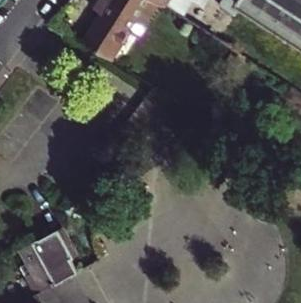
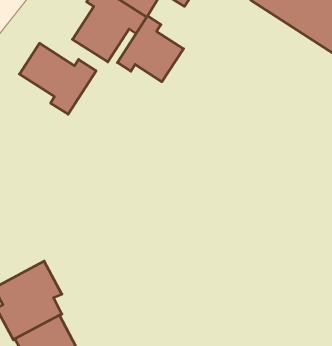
building: none -> [117,16,184,82]
building: none -> [19,43,96,114]

